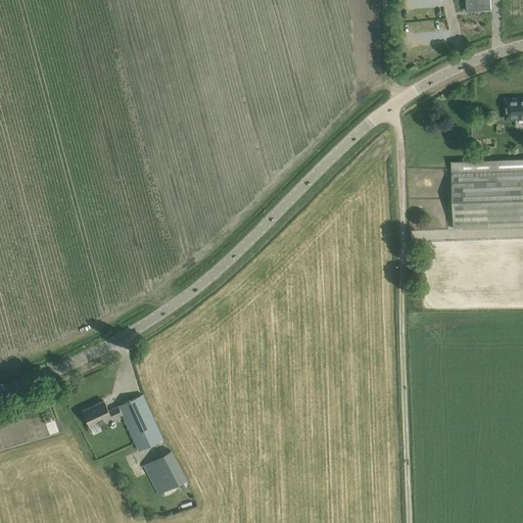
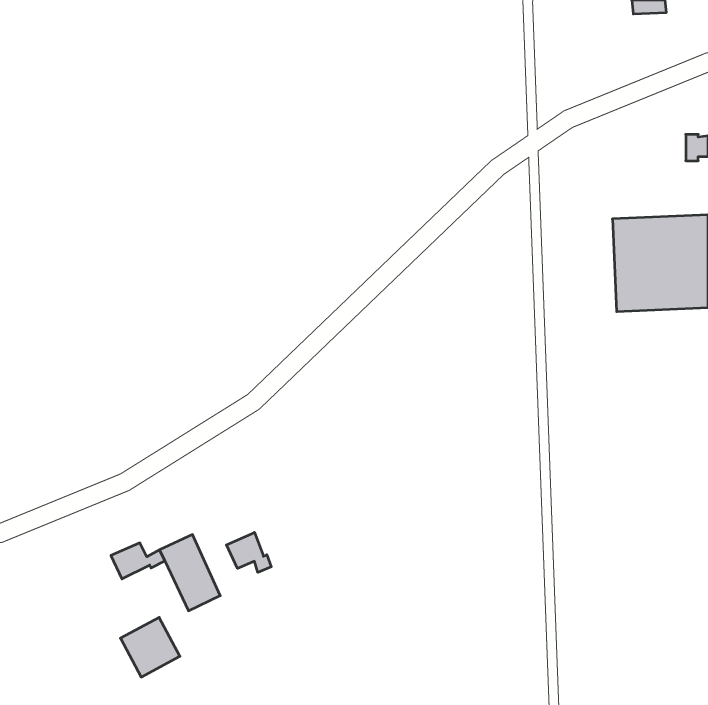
building: none -> [226,532,271,572]
building: [142,453,186,496] -> [120,617,180,677]

